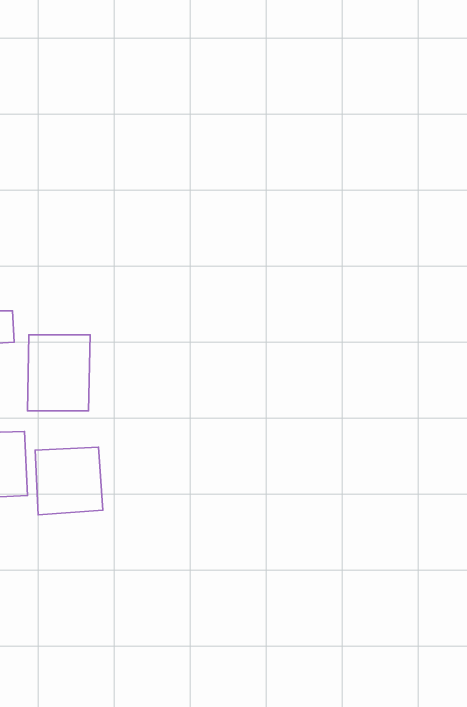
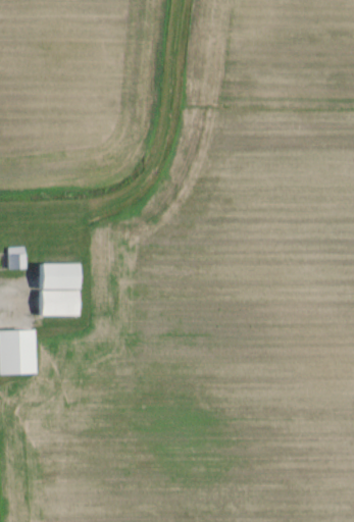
building: [35,447,103,515] -> none

